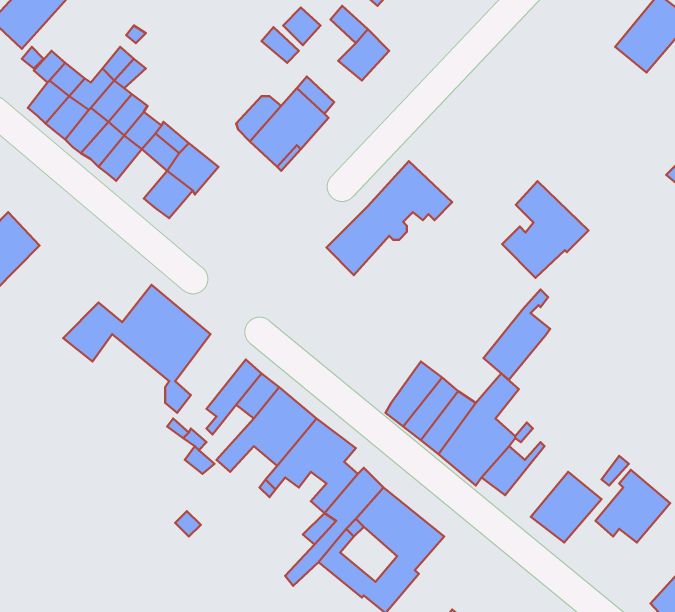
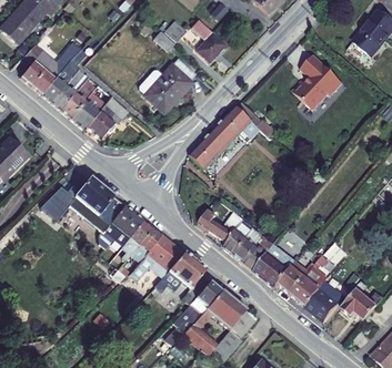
building: none -> [70,100,99,130]
building: [502,181,588,278] -> [293,55,342,110]
building: [483,289,550,380] -> [290,256,328,307]
building: none -> [103,204,143,246]
building: none -> [198,211,242,243]

